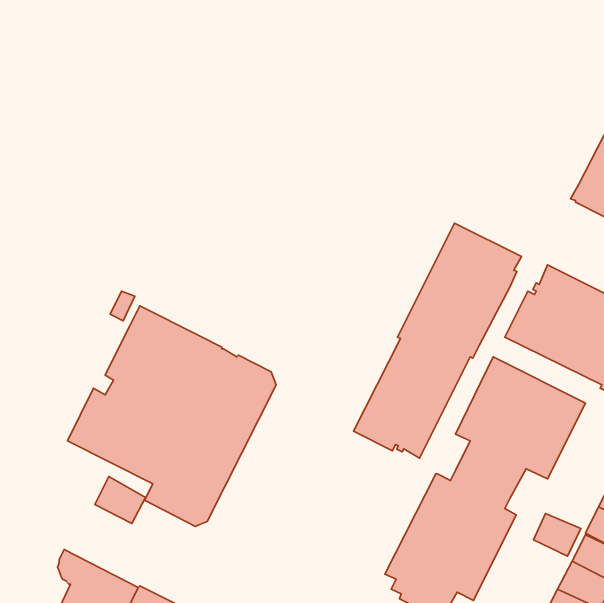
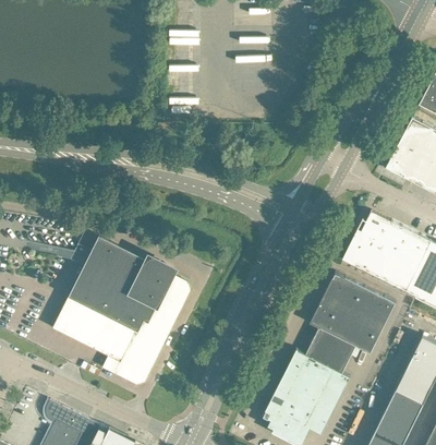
building: [353,223,521,458] -> none
building: [95,476,146,524] -> none
building: [533,513,581,556] -> none

